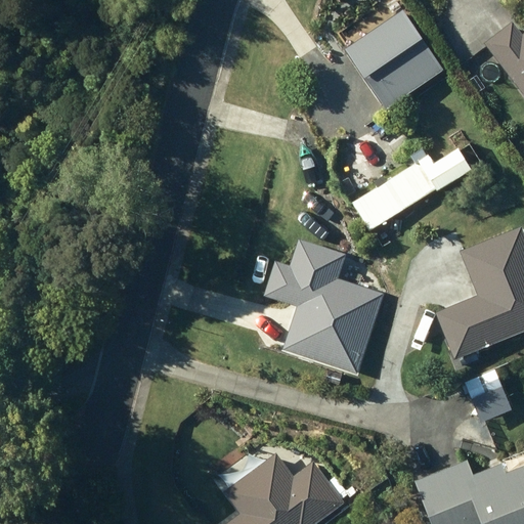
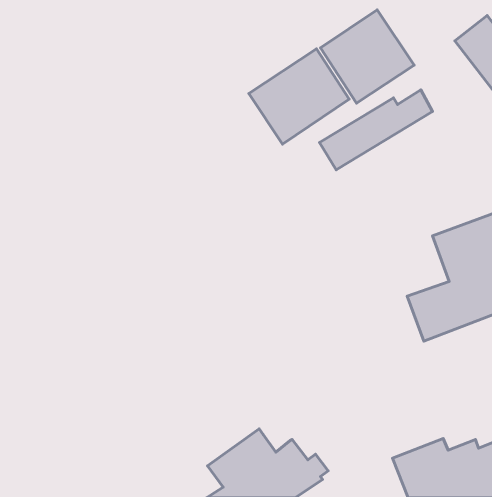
building: none -> [249,49,349,144]
building: [355,146,474,230] -> [319,90,432,170]
building: [264,239,381,373] -> none

